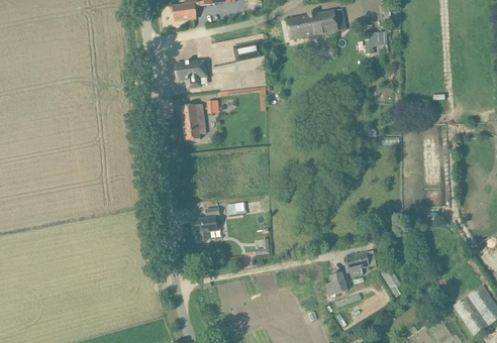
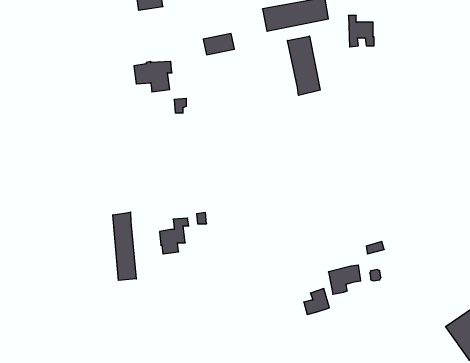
building: none -> [287,36,320,95]
building: [181,105,205,141] -> none
building: none -> [113,212,136,280]

